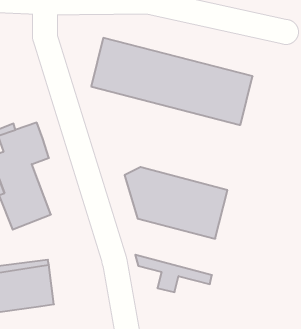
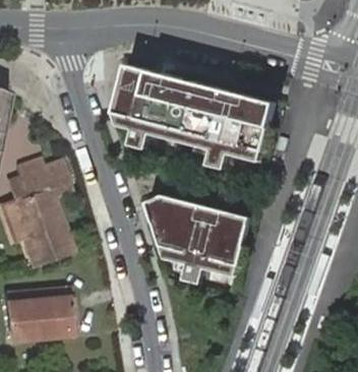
building: none -> [112,111,261,170]
building: [135,255,212,292] -> [159,244,236,282]

